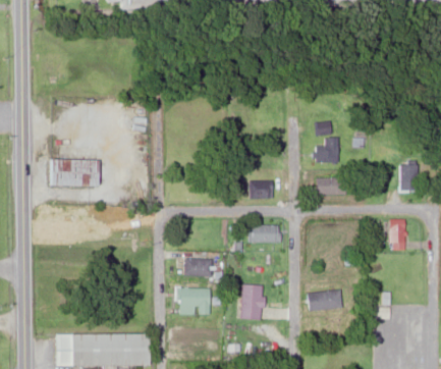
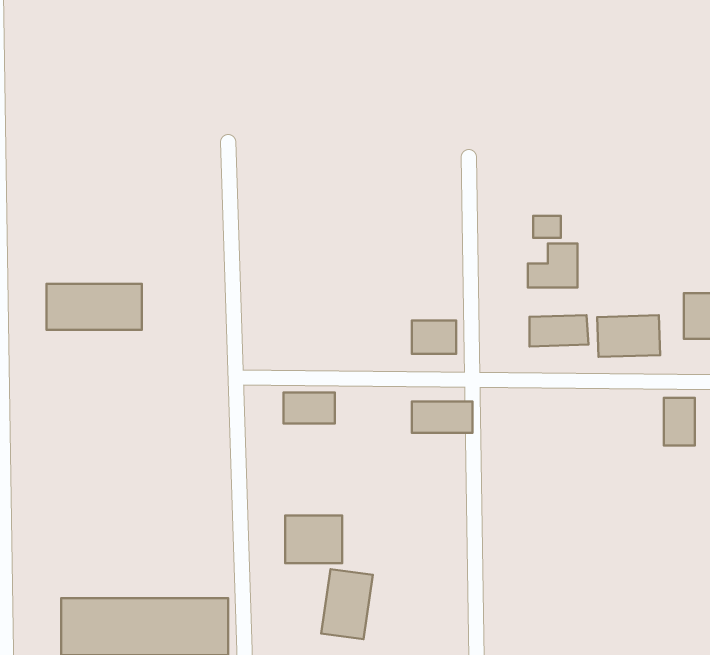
building: none -> [597,315,660,357]
building: [184,259,213,276] -> [283,392,335,424]
building: [238,282,267,321] -> [321,569,373,639]
building: [307,291,344,311] -> none

